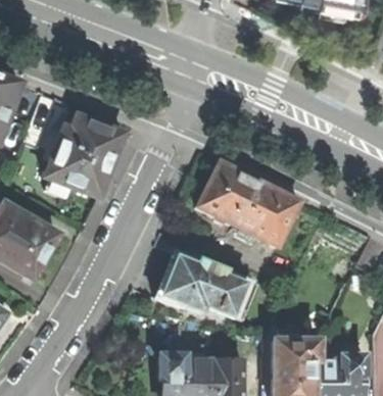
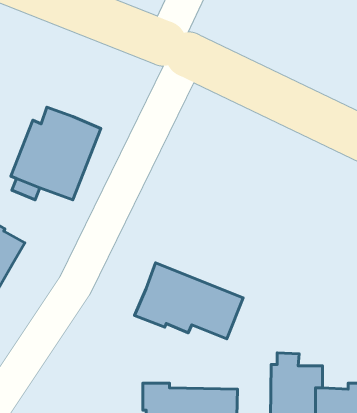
building: [197,161,300,247] -> none

